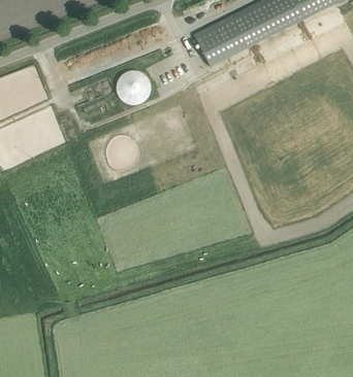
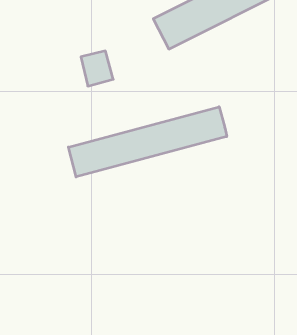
building: none -> [68,107,227,177]

